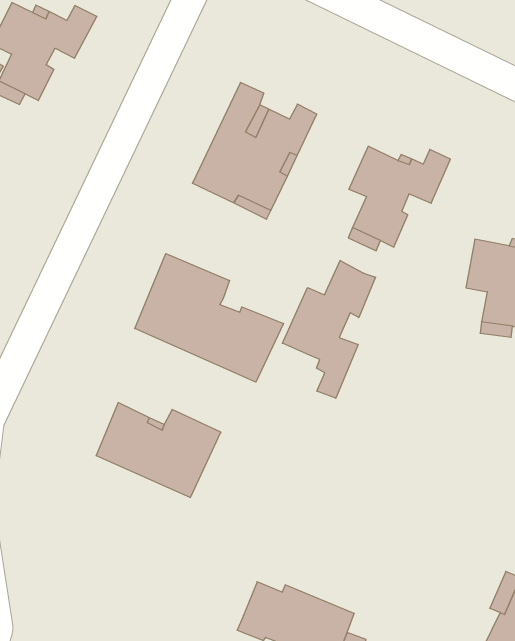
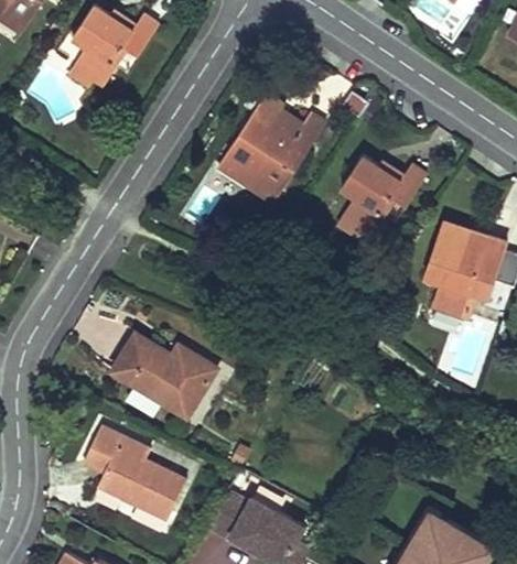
building: [135,254,283,382] -> none
building: [282,260,376,398] -> none
building: none -> [83,426,185,518]

